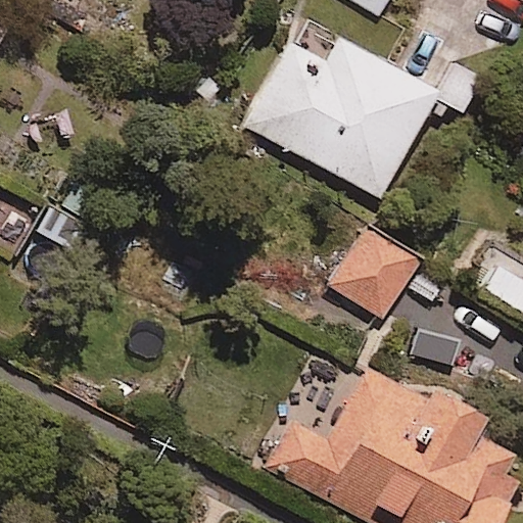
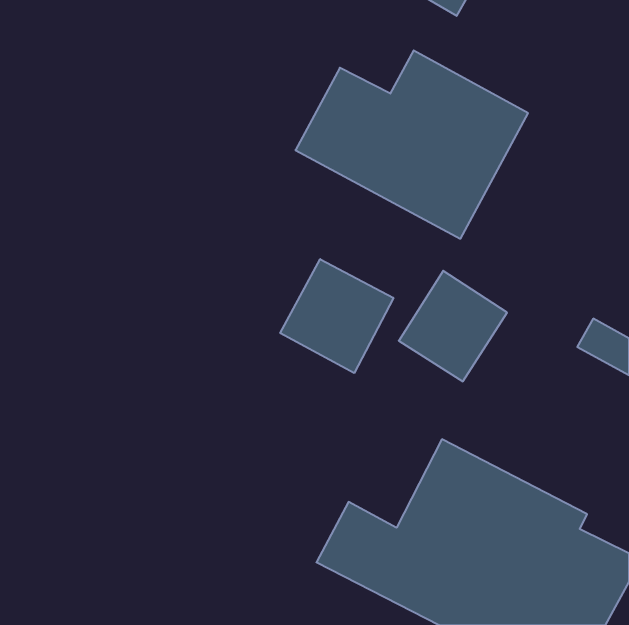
building: none -> [280,259,393,373]

